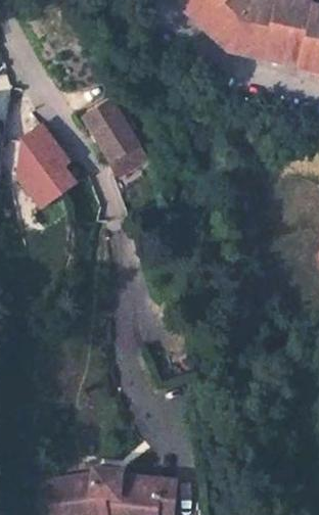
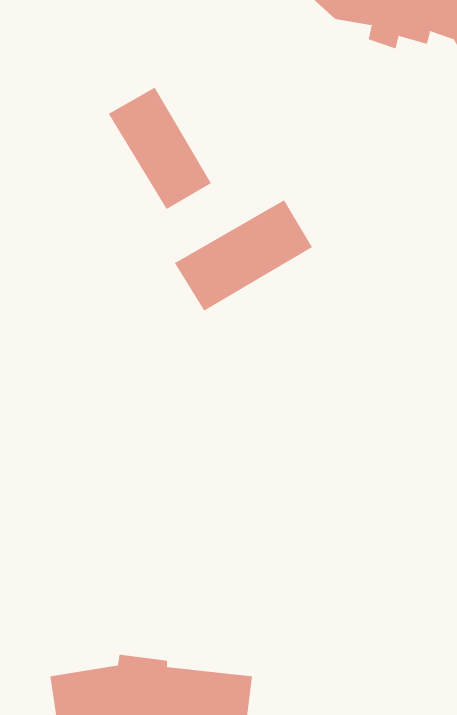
building: [17,122,78,209] -> none
building: none -> [174,200,313,312]

